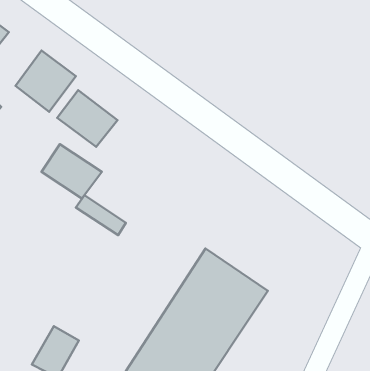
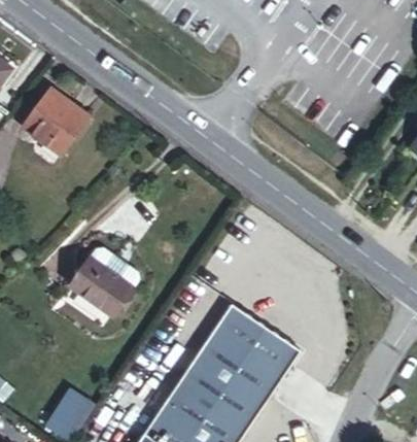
building: [57,90,117,147] -> none
building: [42,144,102,199] -> [70,259,135,317]

